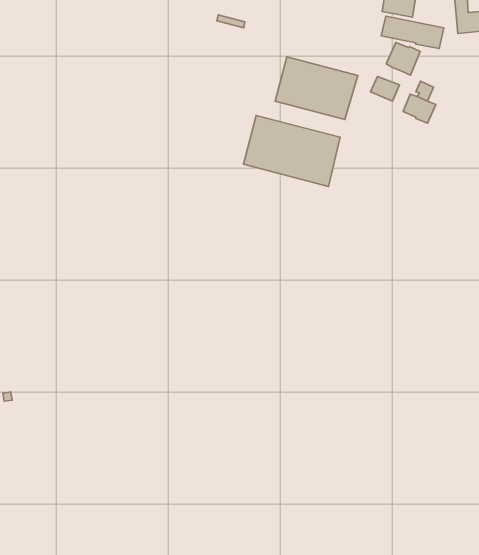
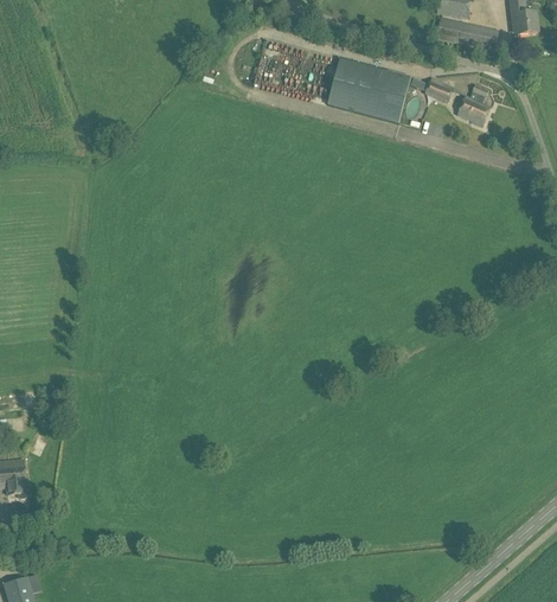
building: [386,42,420,75] -> none
building: [243,115,340,187] -> none

